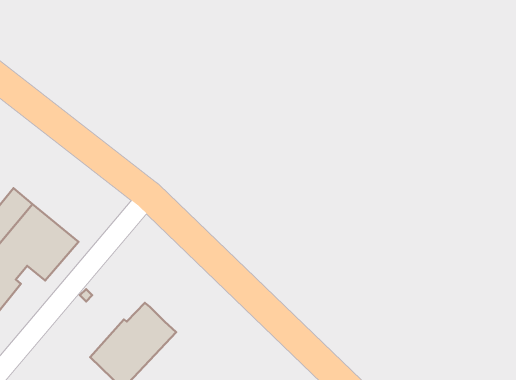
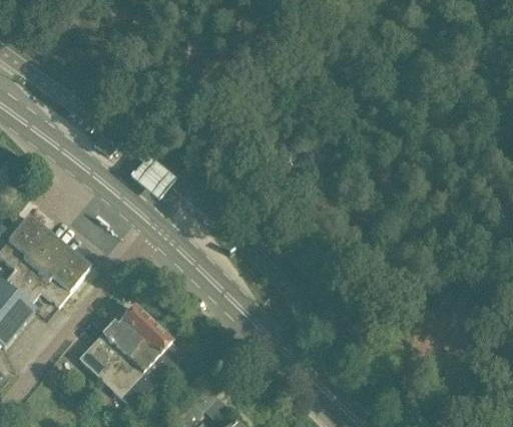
building: none -> [126,152,170,195]
building: none -> [80,306,153,376]

